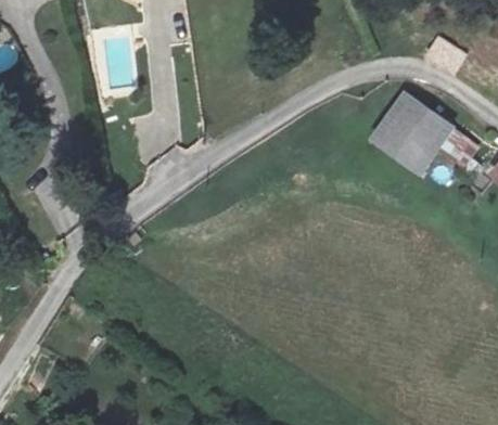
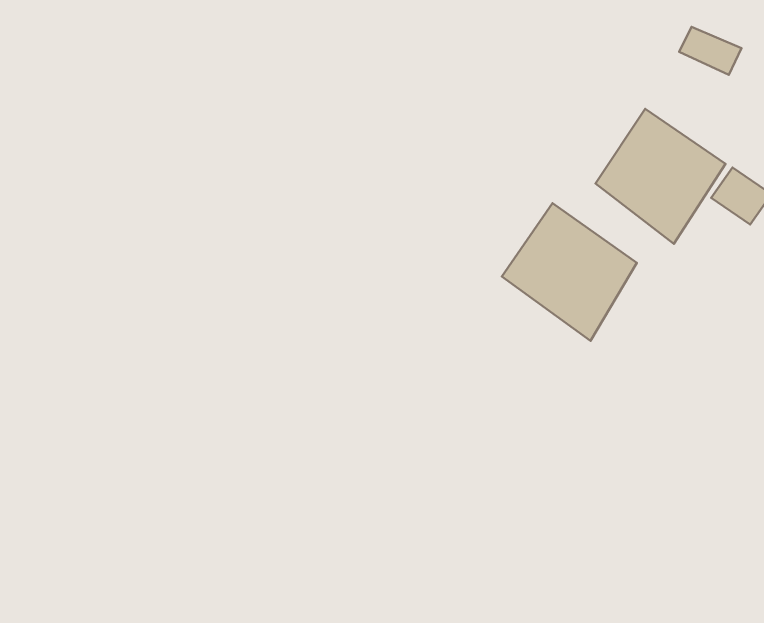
building: none -> [502,203,637,341]

